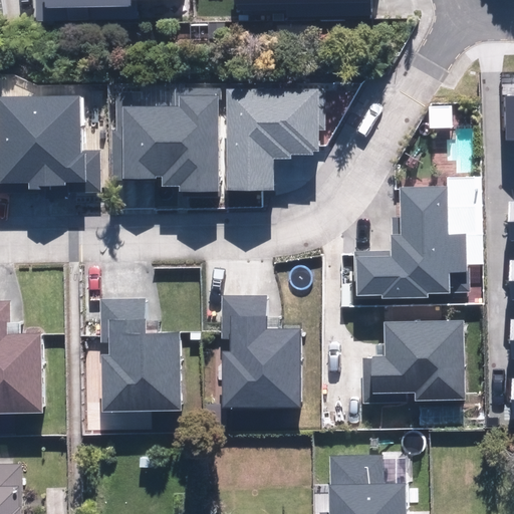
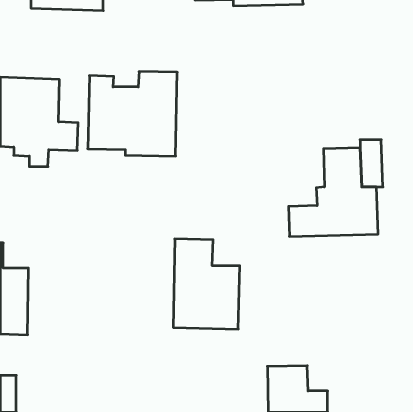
building: [225,88,326,193] -> none
building: [94,299,177,414] -> none
building: [376,319,467,401] -> none

